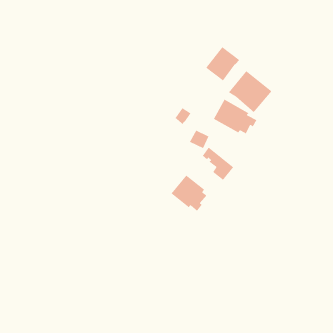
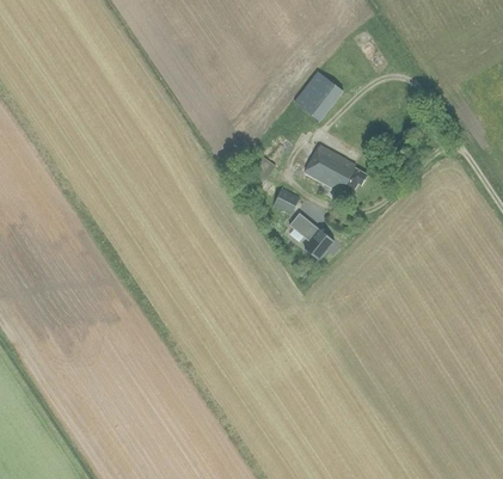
building: [228,70,272,113] -> none
building: [171,174,208,212] -> none

